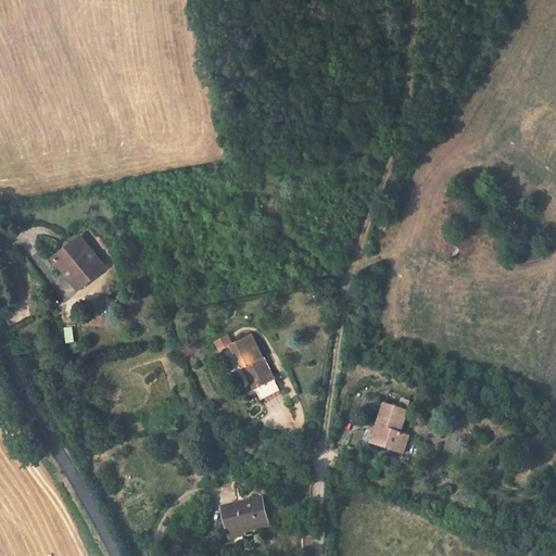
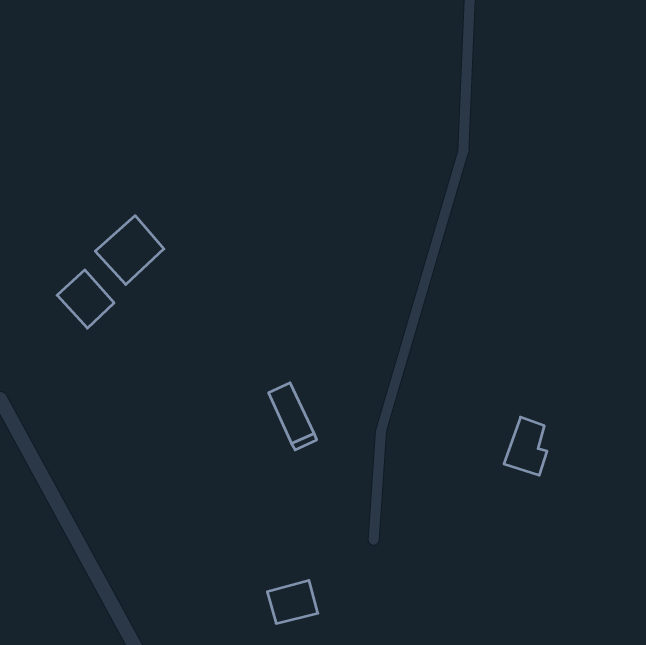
building: none -> [95,216,164,285]
building: [366,404,403,454] -> [504,417,547,475]

